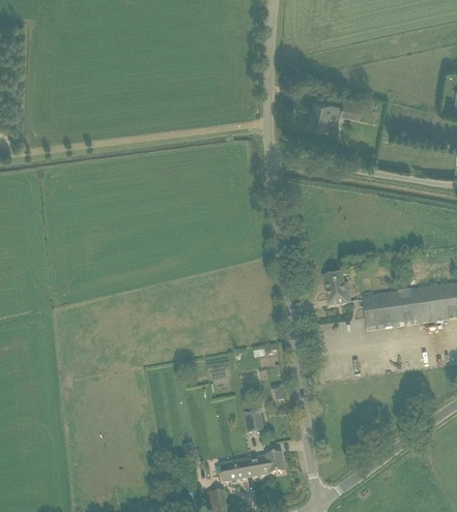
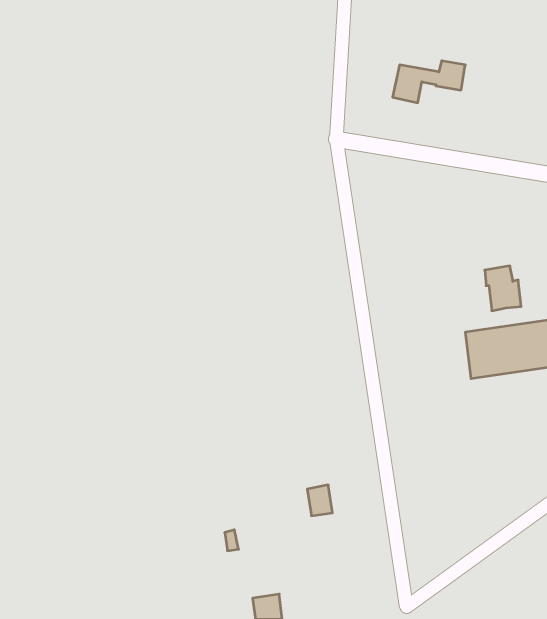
building: [325,271,352,304] -> [485,266,521,311]
building: [221,451,286,481] -> none

